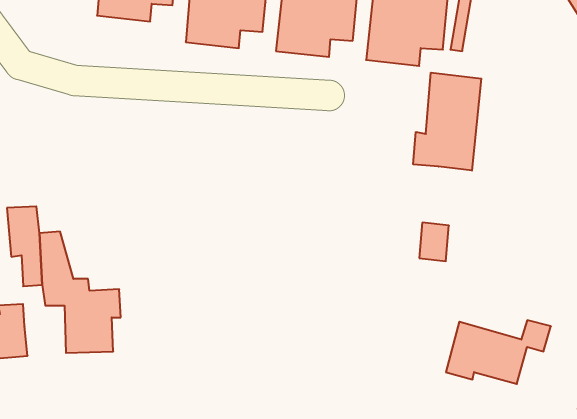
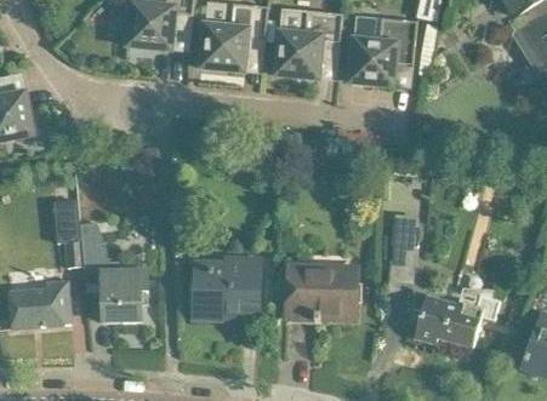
building: [413,73,481,171] -> none
building: none -> [193,257,260,319]
building: none -> [286,264,357,323]

